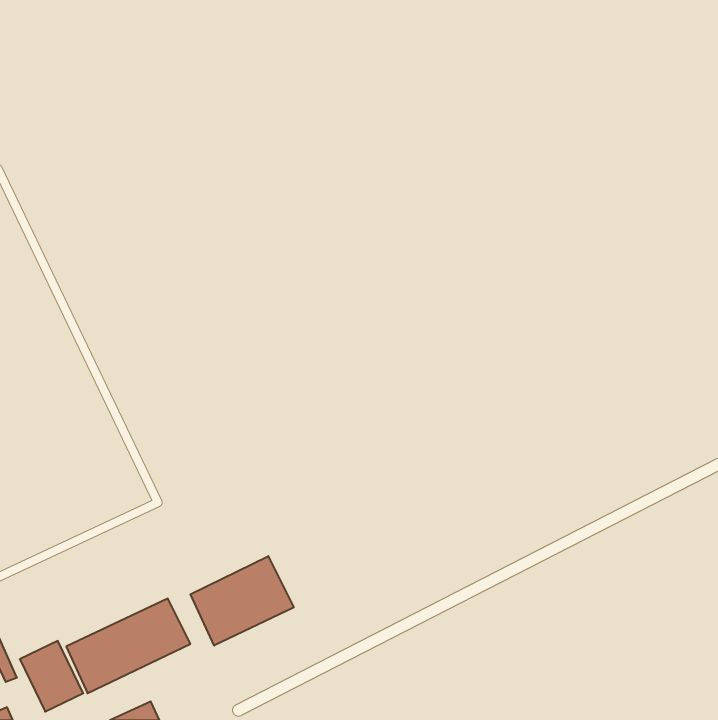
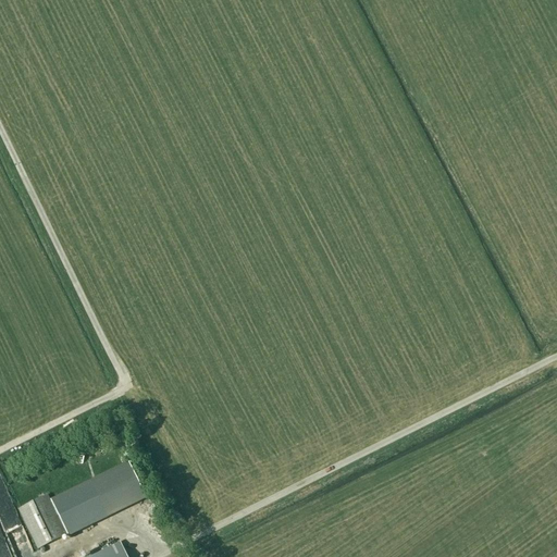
building: [190,556,294,646] -> none

